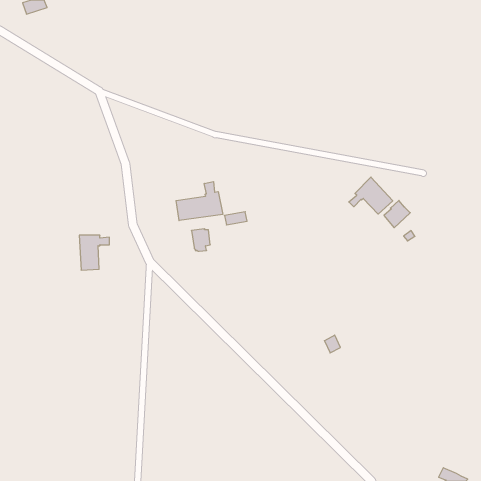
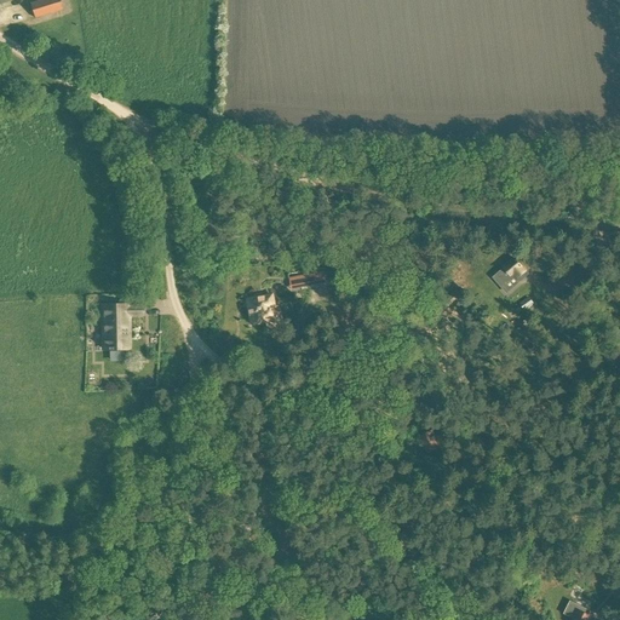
building: [349,177,393,214] -> none
building: [176,182,223,221] -> none

